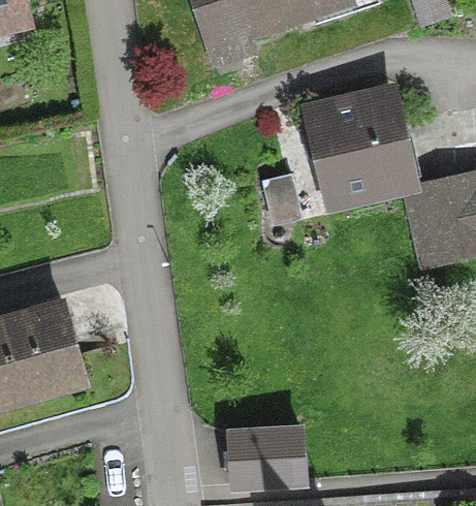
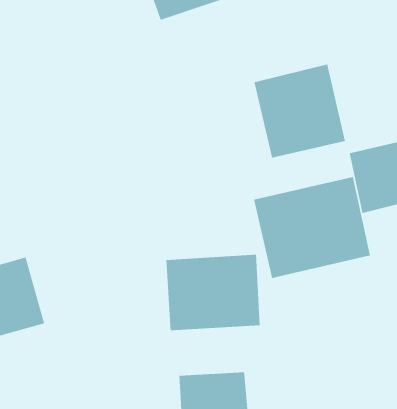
building: none -> [253,176,371,279]
building: none -> [165,254,260,331]

